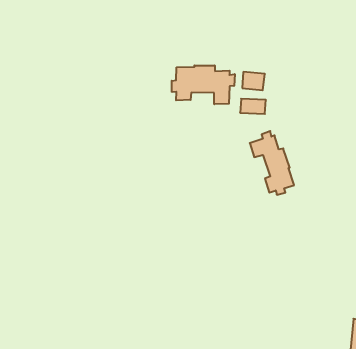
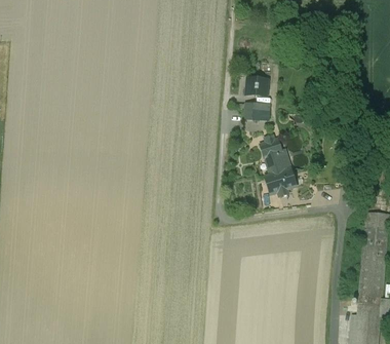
building: [172,65,235,104] -> none

